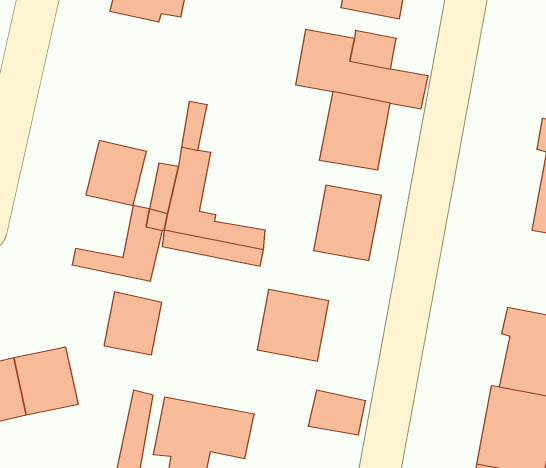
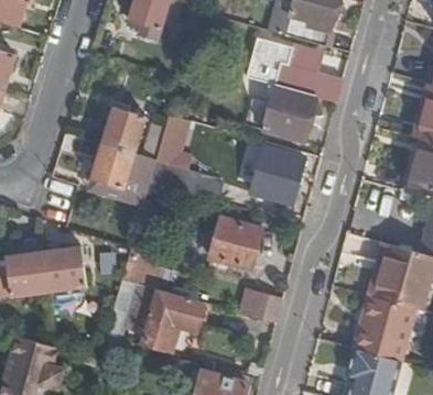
building: [104,292,162,355] -> [90,143,132,188]

